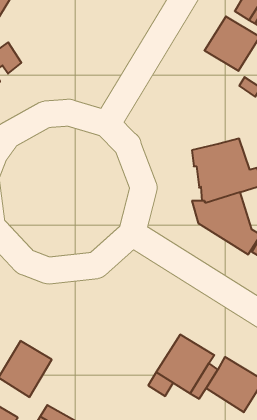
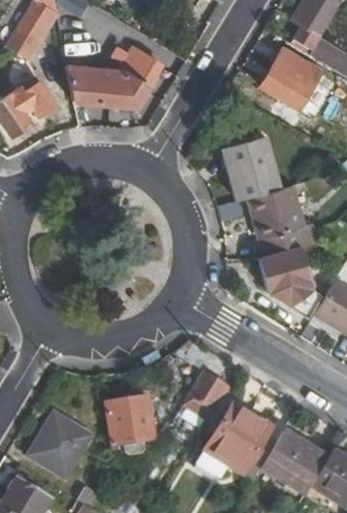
building: none -> [66,48,161,107]
building: none -> [224,139,277,201]
building: none -> [183,372,233,420]
building: none -> [103,398,155,457]

